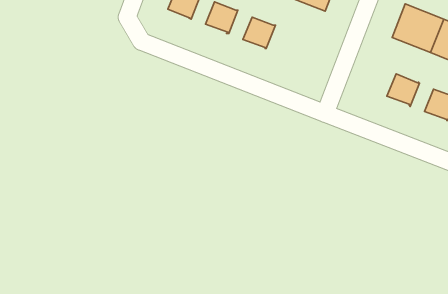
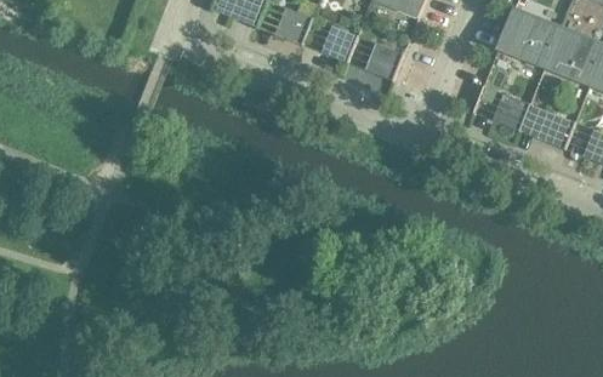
building: none -> [364,41,403,80]

